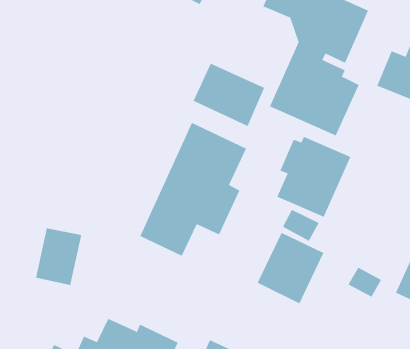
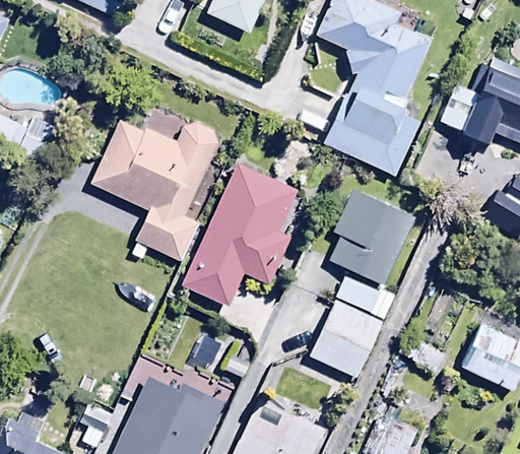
building: [193,63,265,127] -> none
building: none -> [91,120,219,265]
building: [36,228,82,286] -> none

